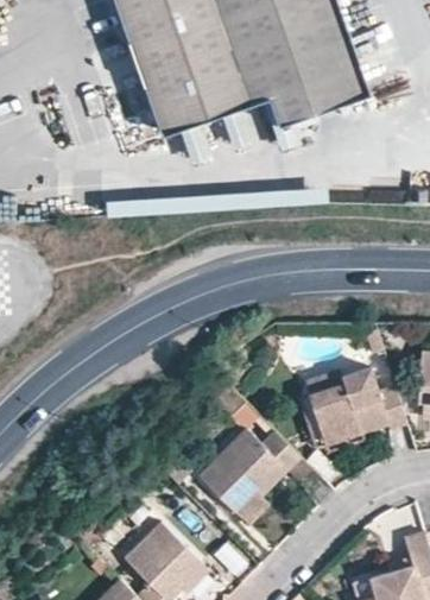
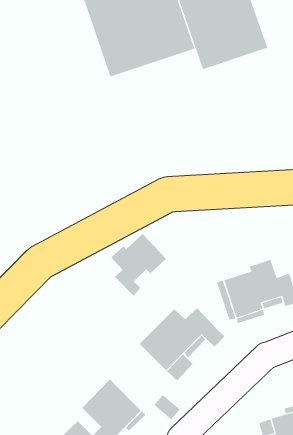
building: none -> [110,233,167,296]

